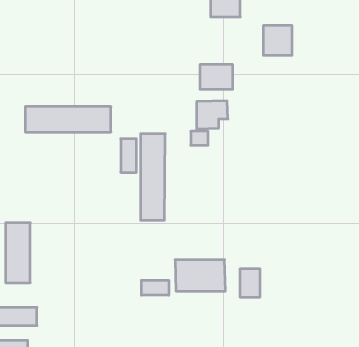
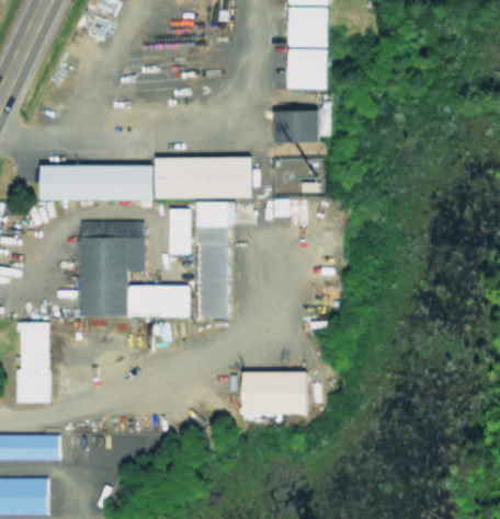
building: [263,26,292,55] -> [289,49,328,89]
building: none -> [157,158,255,200]
building: none -> [78,221,191,315]
building: [240,269,260,297] -> none
building: [141,280,169,295] -> none

